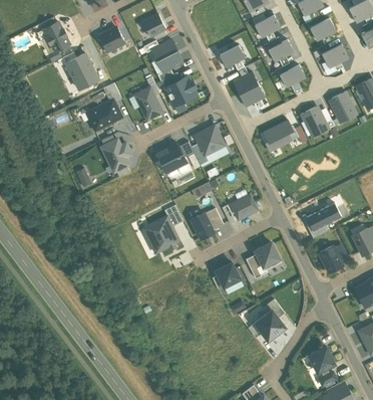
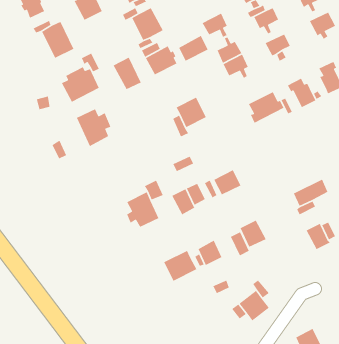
building: none -> [178,35,209,62]
building: [157,143,188,171] -> none
building: none -> [163,250,197,282]

